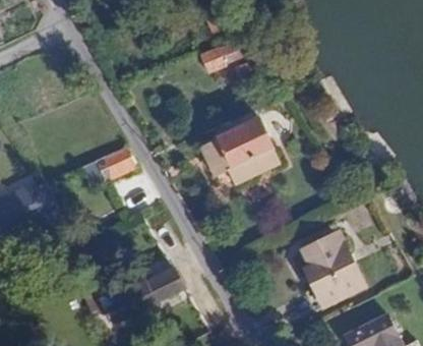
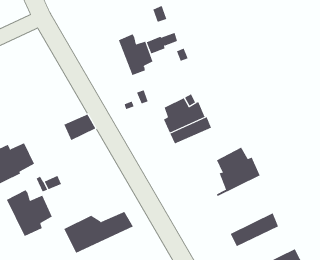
building: none -> [118,34,153,76]
building: [302,234,357,296] -> [216,147,260,197]
building: none -> [6,189,52,237]

